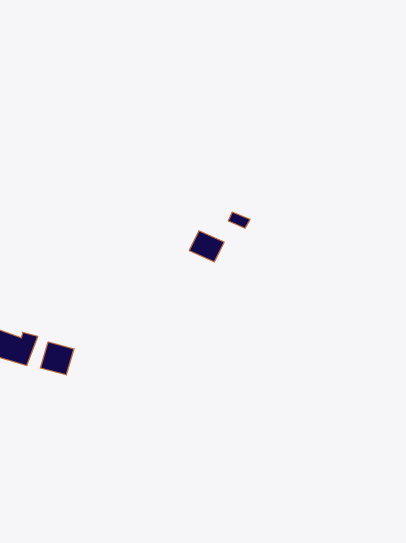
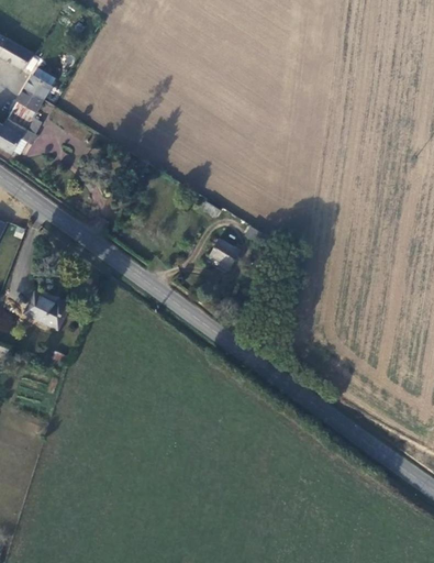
building: [41,342,74,375] -> none

